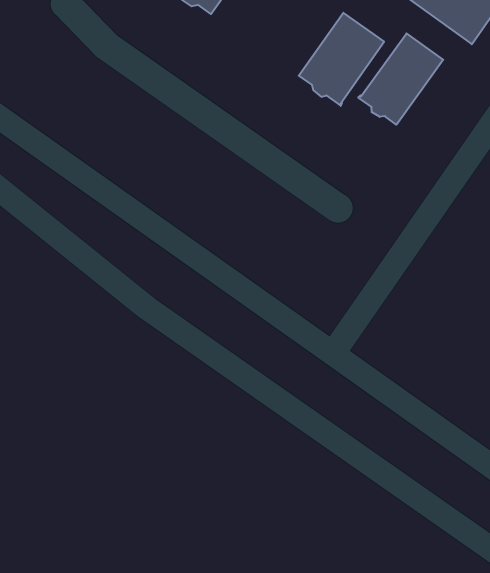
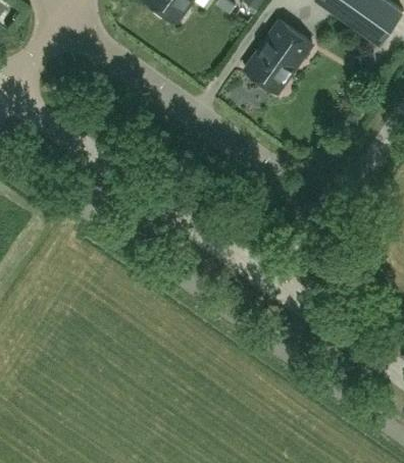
building: [358,33,443,125] -> none

